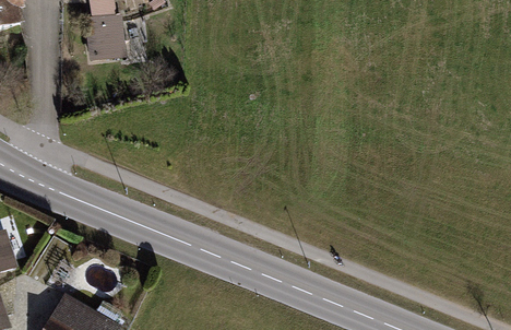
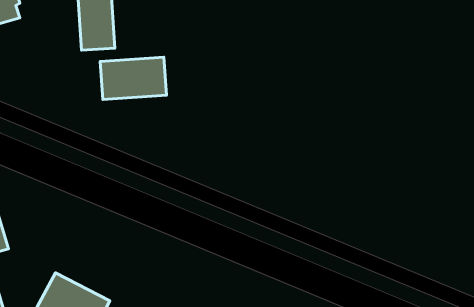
building: none -> [100,57,167,99]

